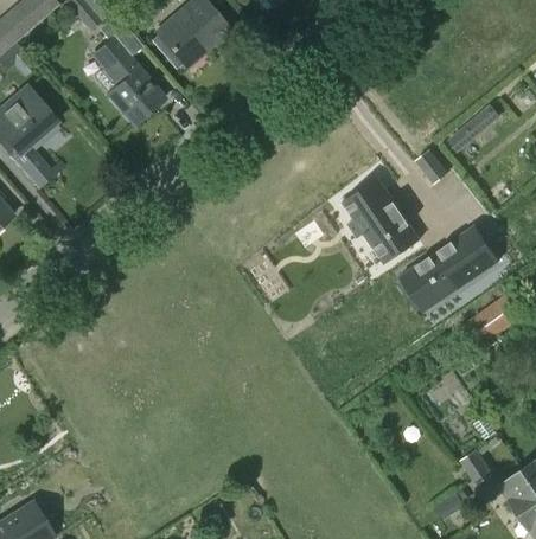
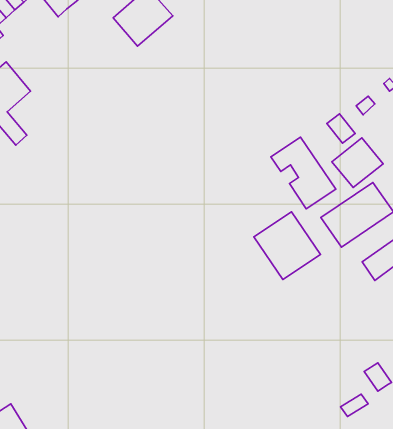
building: [92,38,162,123] -> none
building: none -> [332,138,383,188]
building: none -> [254,212,321,280]

